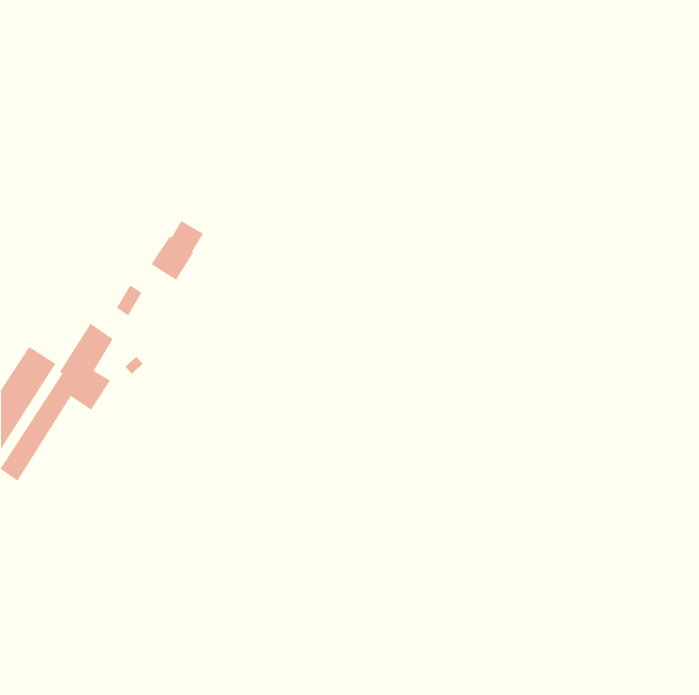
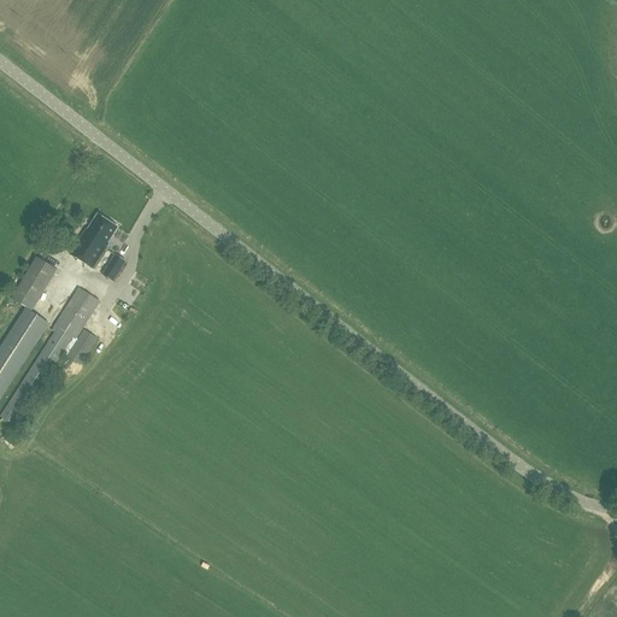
building: [151,220,204,280] -> [70,212,117,265]
building: none -> [12,260,55,307]

